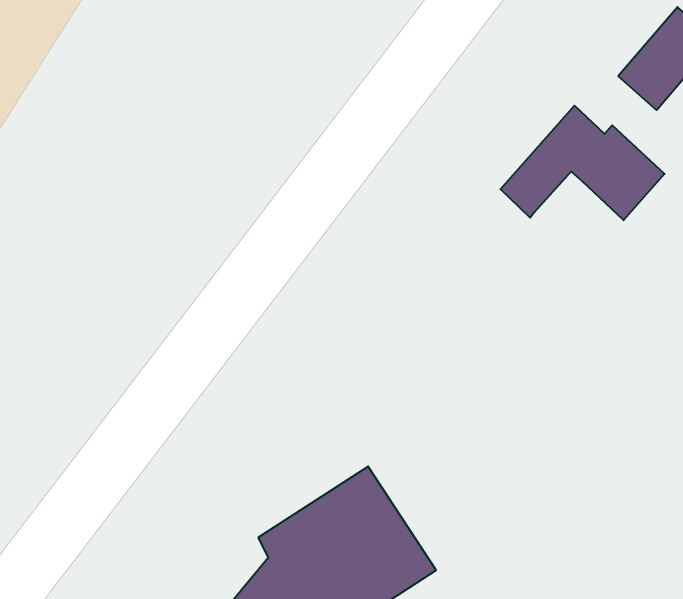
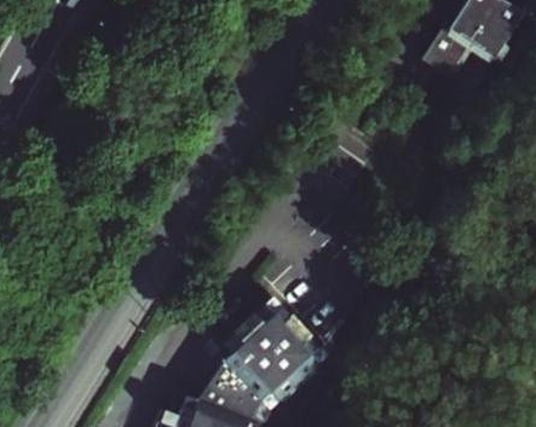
building: [500,106,665,220] -> none

